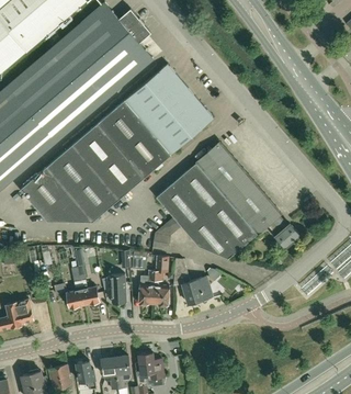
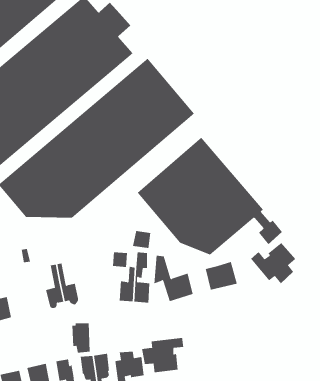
building: none -> [250,242,296,284]
building: none -> [205,261,237,291]
building: [107,274,126,304] -> [72,323,90,353]
building: none -> [142,337,184,373]

